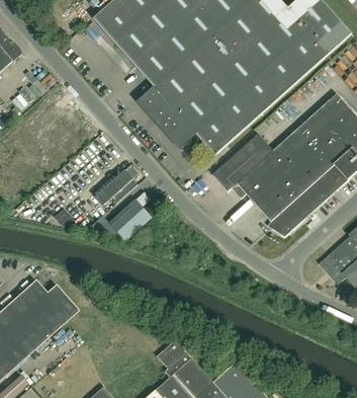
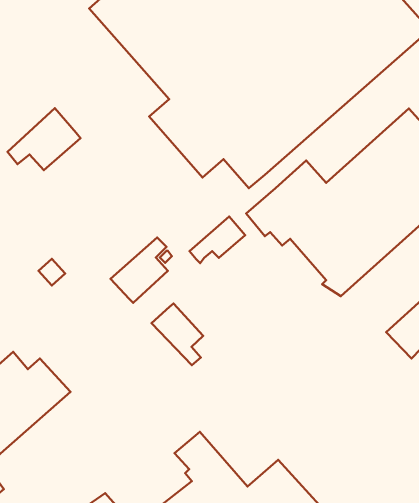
building: none -> [7,108,81,170]
building: [94,171,137,207] -> [189,217,245,263]
building: none -> [151,303,203,365]

